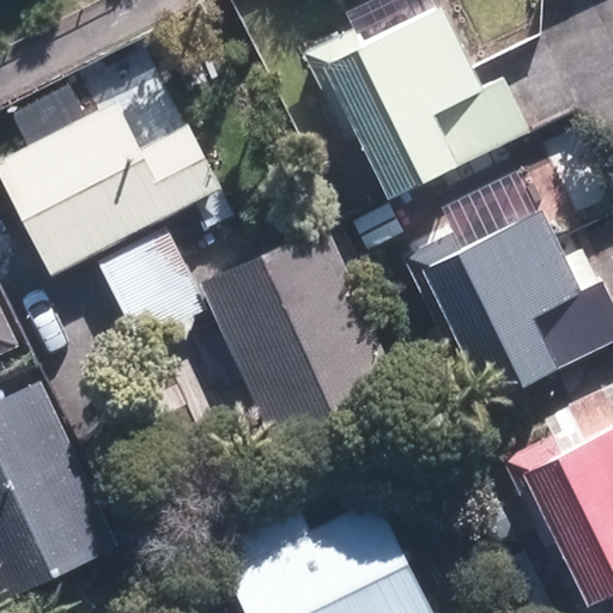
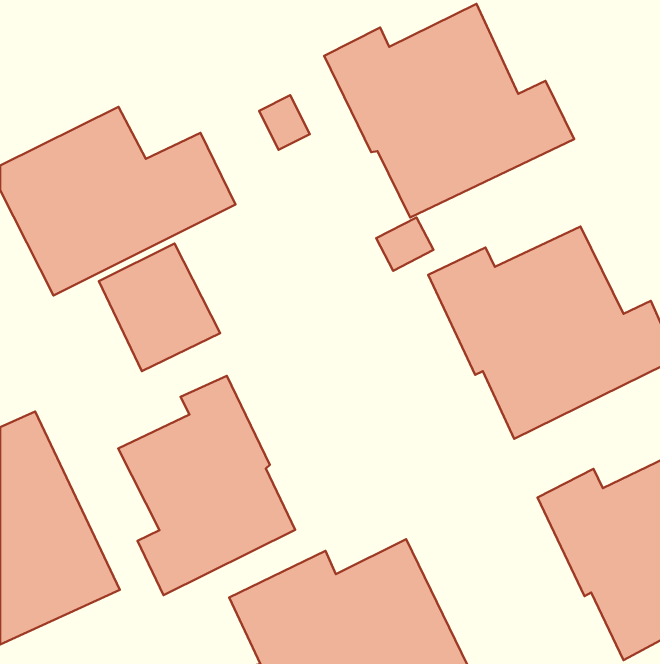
building: [198,221,401,450] -> none
building: none -> [118,376,295,595]

